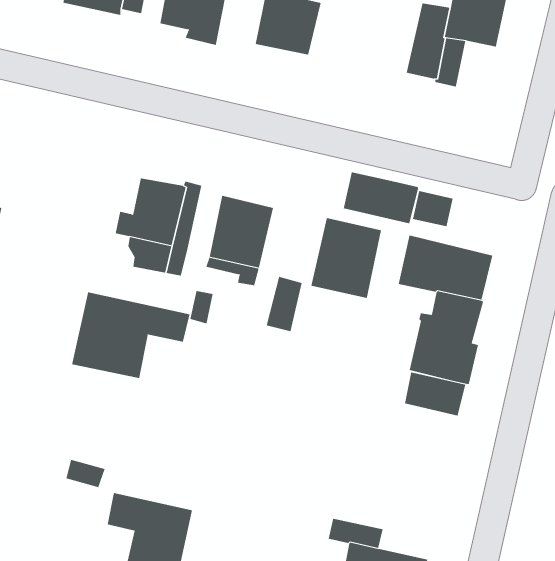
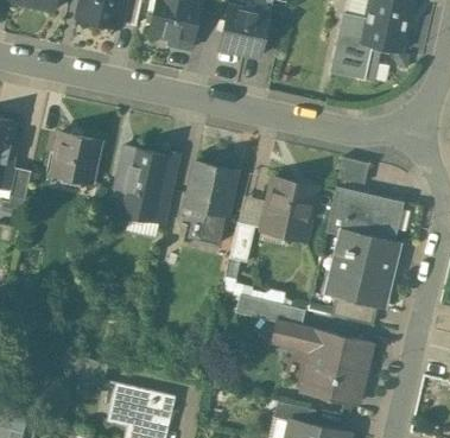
building: none -> [51,132,96,182]
building: [343,171,419,224] -> none
building: [71,291,190,379] -> none
building: none -> [235,294,368,404]

